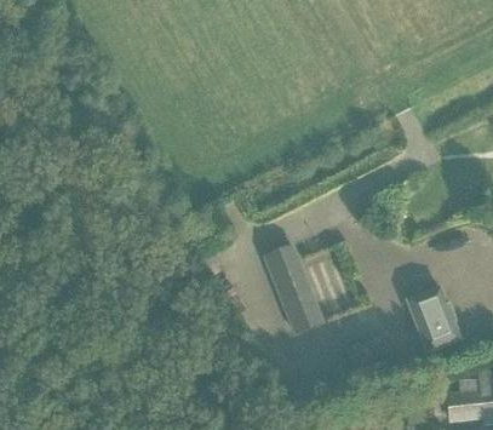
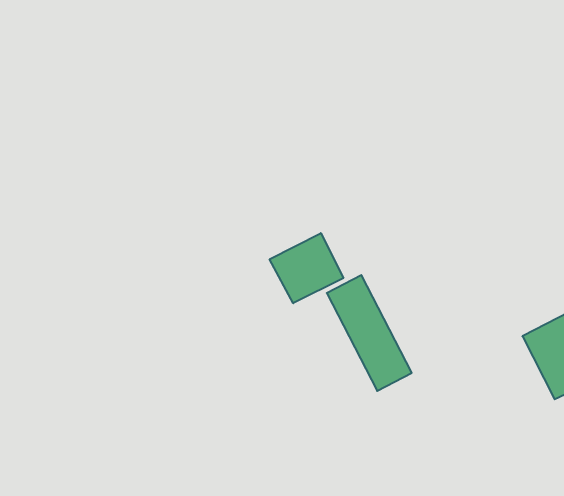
building: none -> [270,233,343,303]

